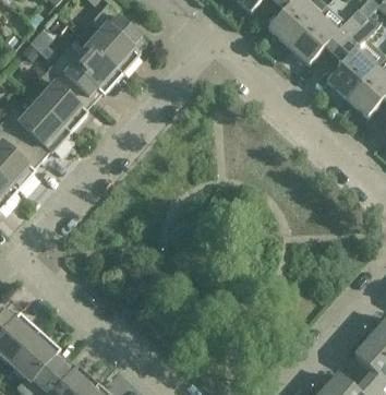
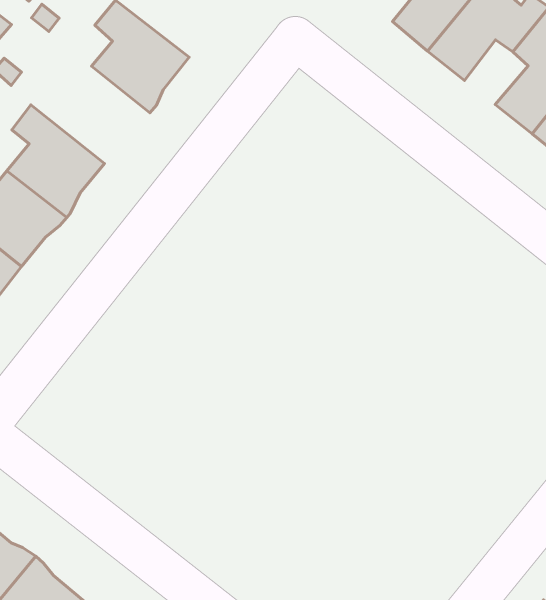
building: [51,44,121,101] -> none

